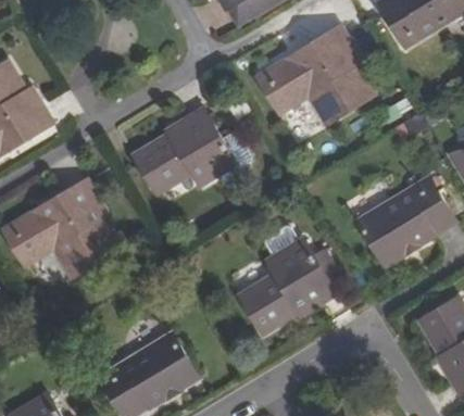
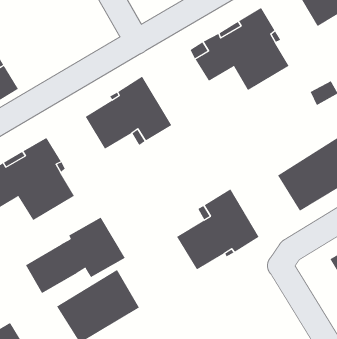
building: none -> [25,217,126,294]

